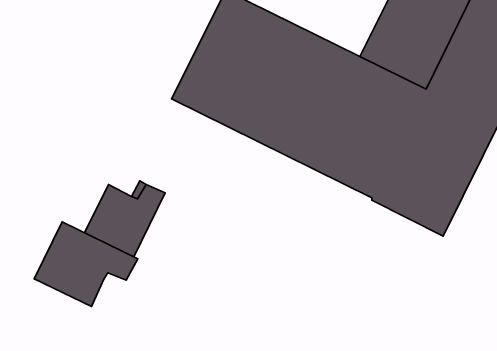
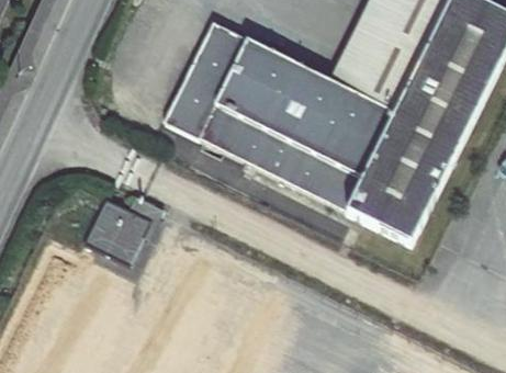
building: [34,222,138,306] -> none

